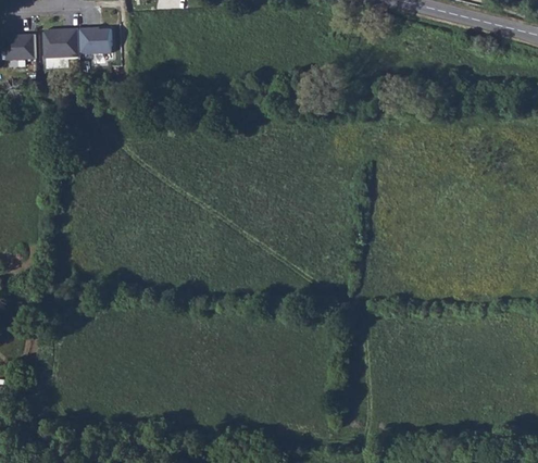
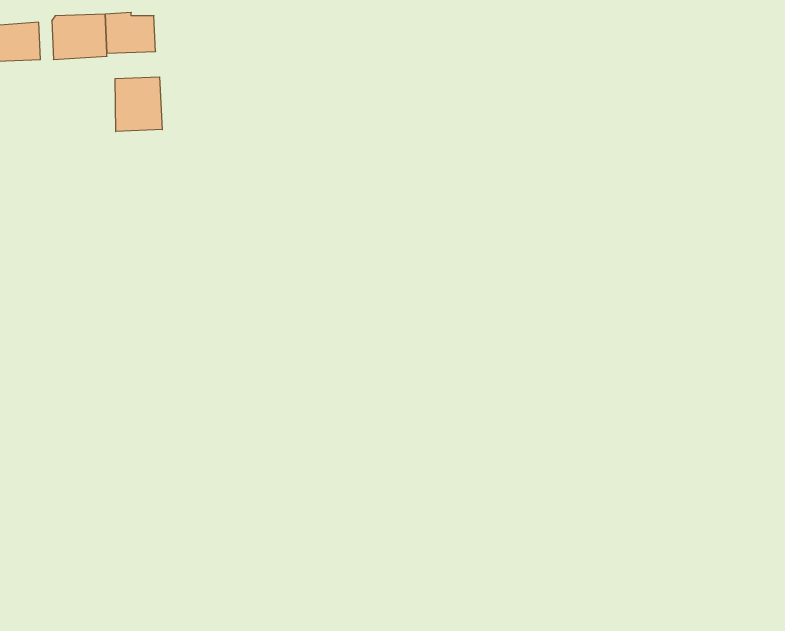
building: none -> [115,77,162,132]

